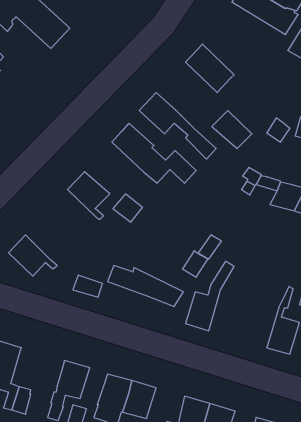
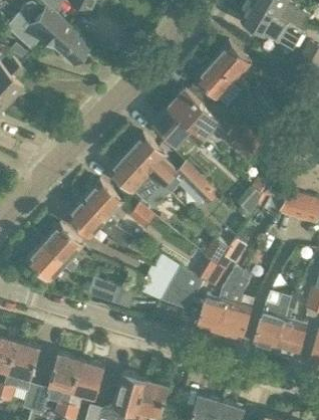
building: none -> [213,42,252,88]
building: none -> [169,88,218,140]
building: none -> [110,153,156,199]
building: none -> [68,198,133,249]
building: none -> [44,224,83,270]
building: none -> [147,254,203,295]
building: none -> [219,271,250,339]
building: none -> [251,293,292,349]
building: none -> [49,355,81,415]

